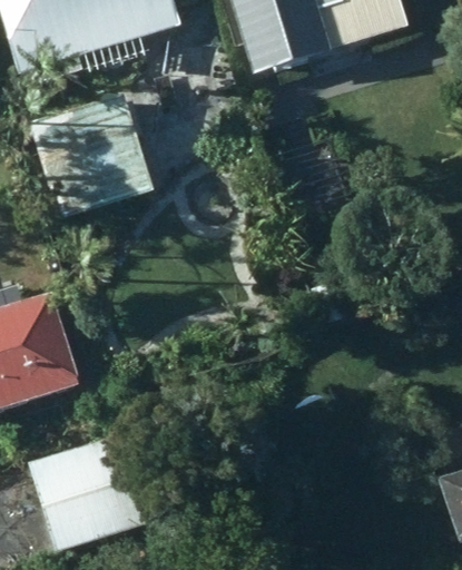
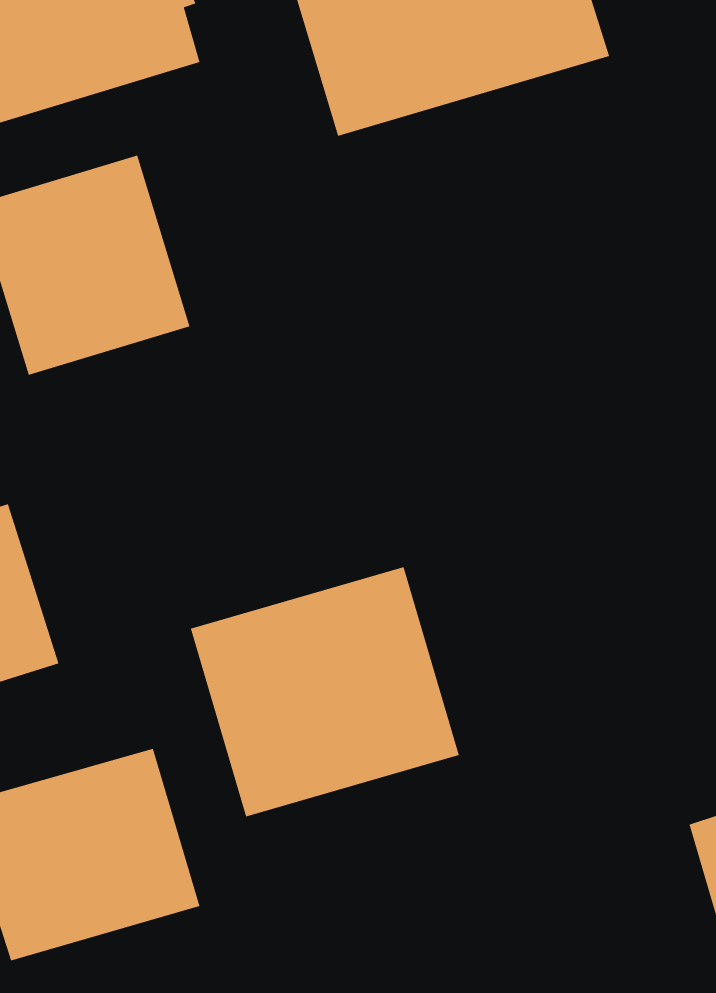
building: none -> [190,566,460,817]

